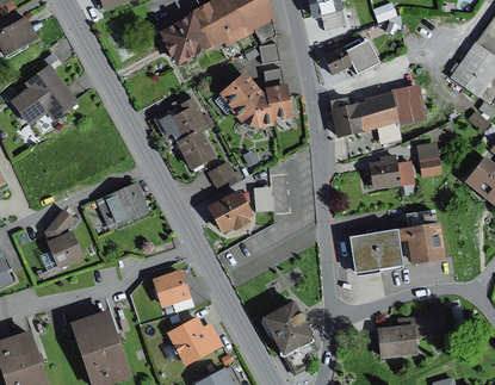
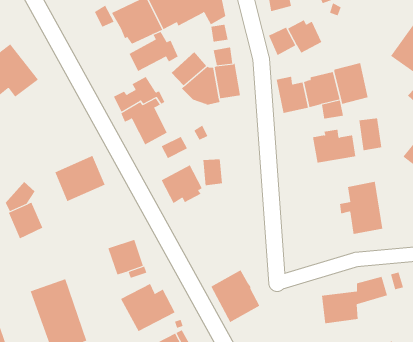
building: none -> [129,31,179,72]
building: [348,232,401,274] -> none

